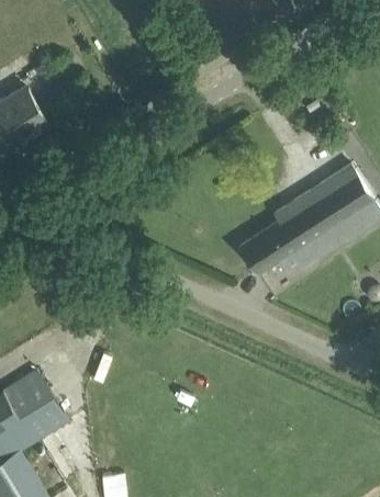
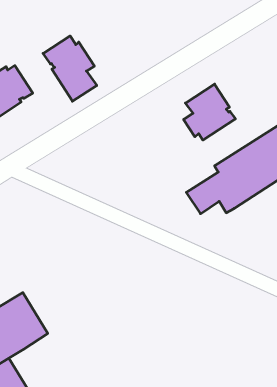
building: none -> [43,36,97,101]
building: none -> [184,84,235,140]

